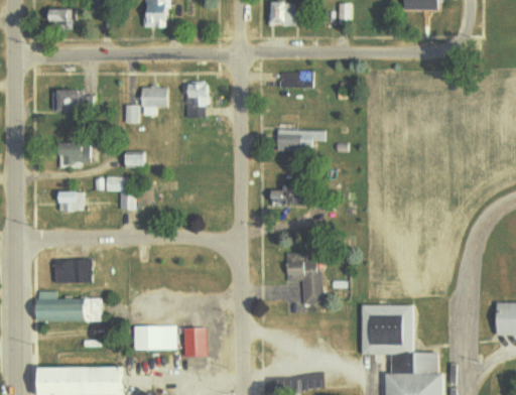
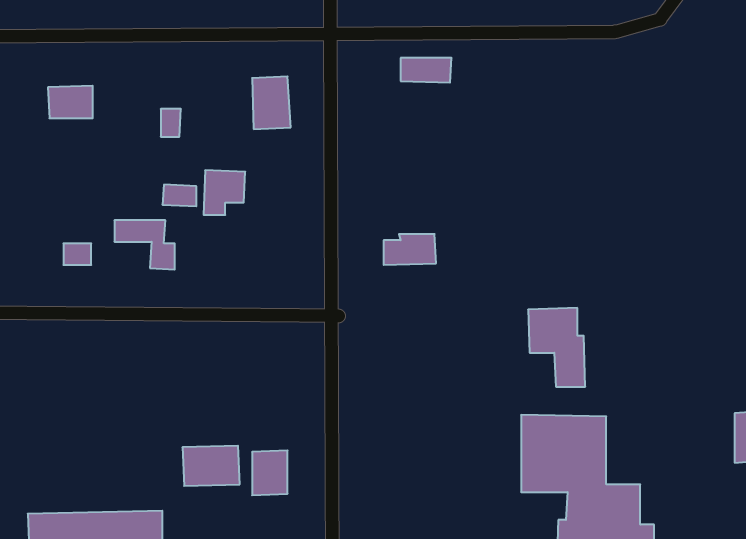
building: [141,86,168,115] -> [204,170,245,215]
building: [277,130,325,151] -> none
building: [69,143,90,162] -> none
building: [284,252,321,303] -> [528,308,585,387]
building: [53,259,91,283] -> none
building: [34,291,101,322] -> none

